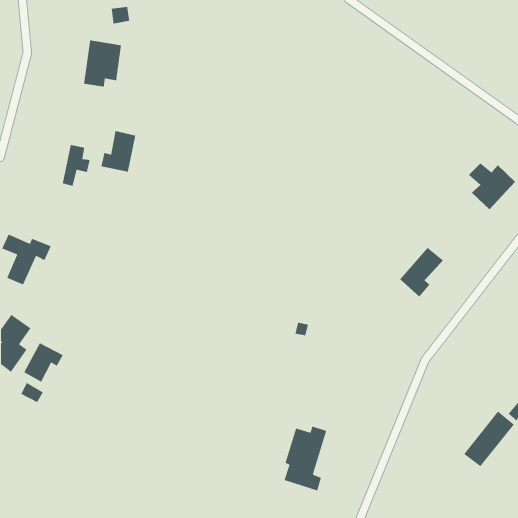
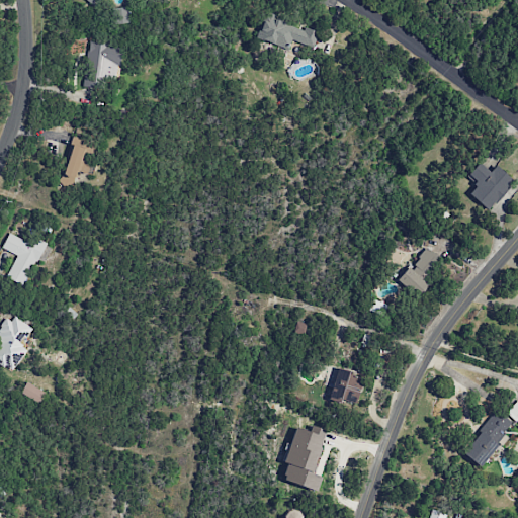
building: none -> [257,13,319,49]
building: [100,130,136,172] -> none
building: [23,342,64,383] -> none
building: none -> [329,368,364,403]

